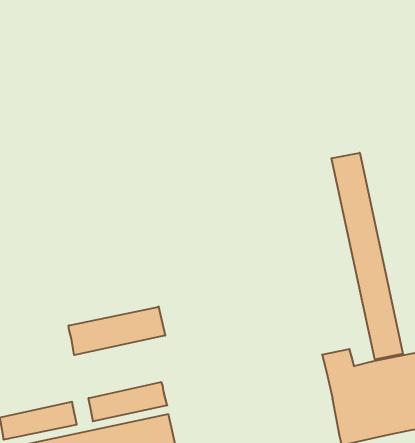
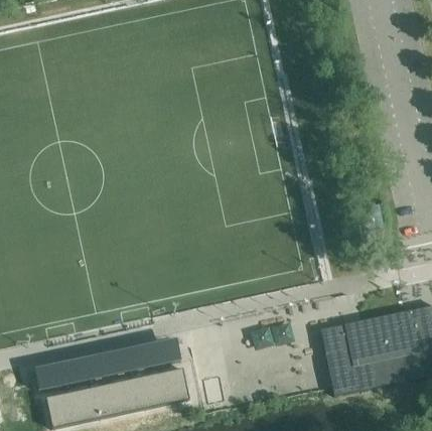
building: [332,153,403,359] -> none
building: [69,306,165,355] -> none

